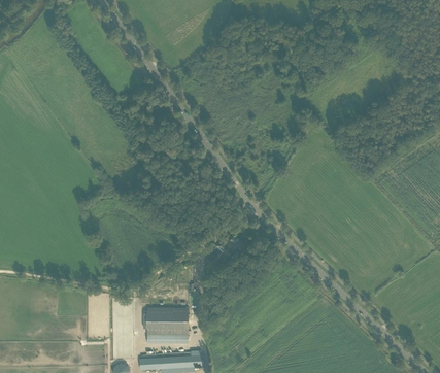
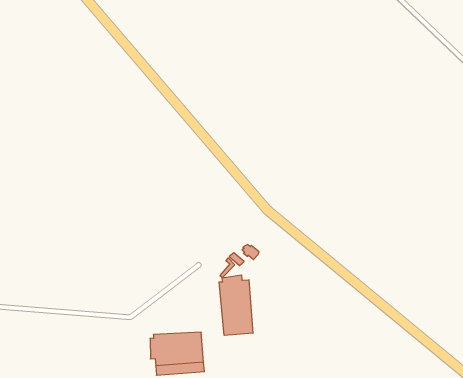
building: none -> [219,275,253,335]

